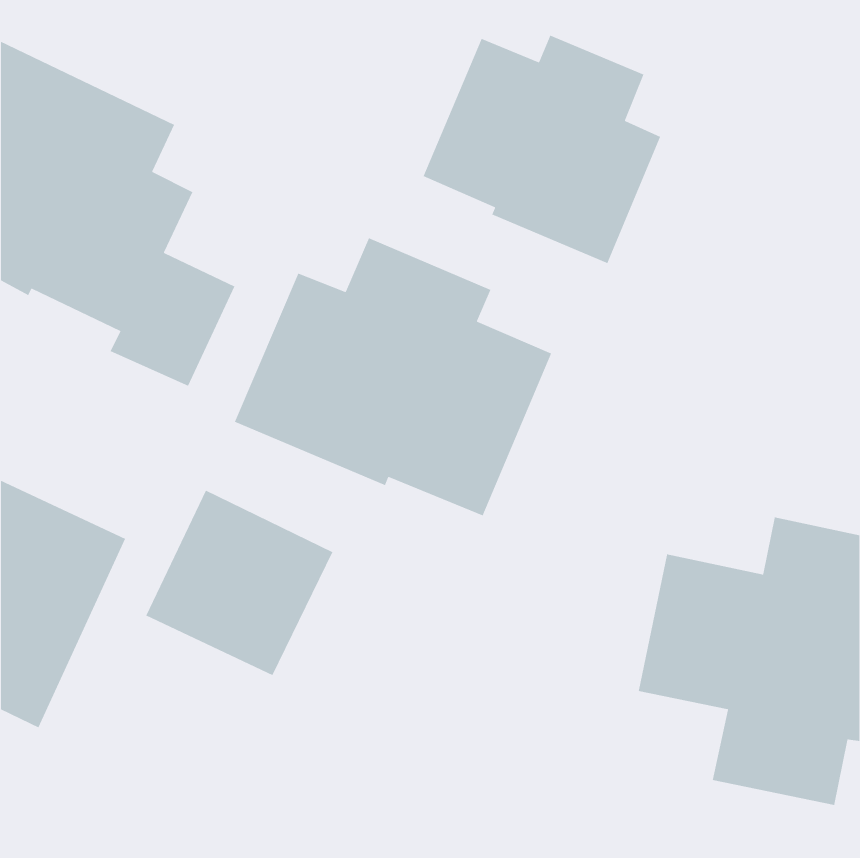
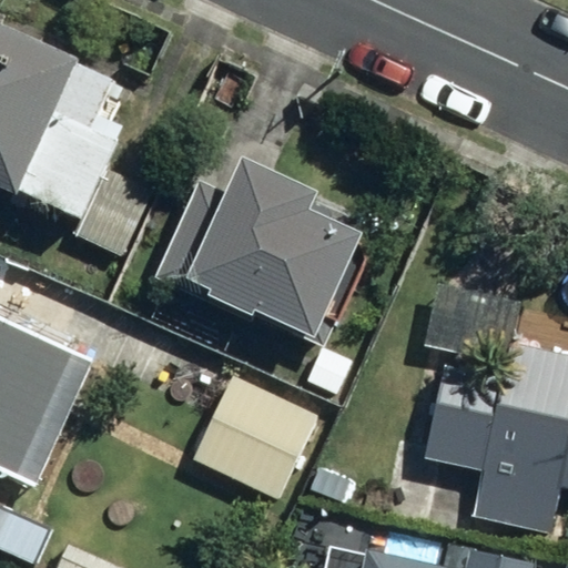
building: [422,34,661,264] -> none
building: [145,490,334,676] -> [191,375,315,498]

